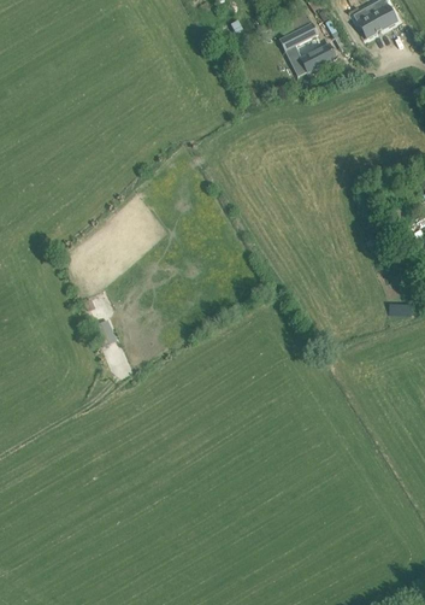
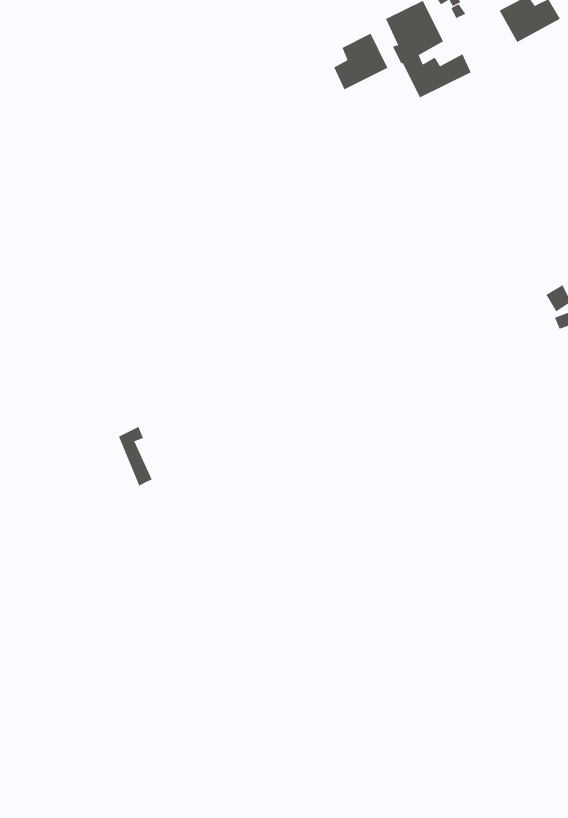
building: none -> [333,33,389,90]

